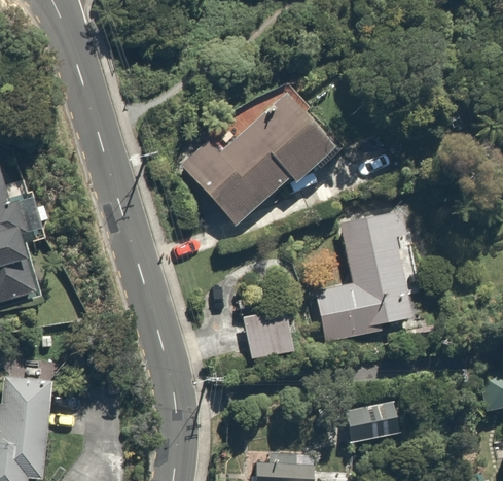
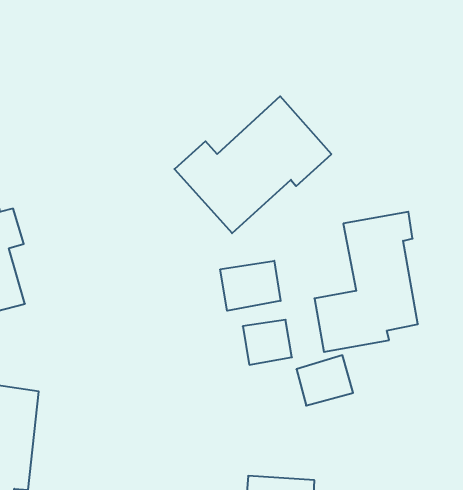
building: none -> [220,261,281,311]
building: [343,393,397,442] -> [296,355,353,406]

